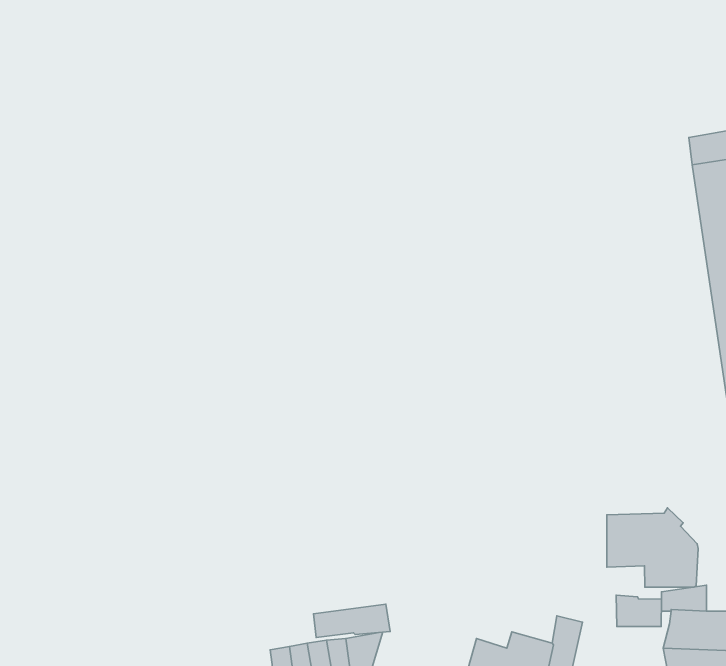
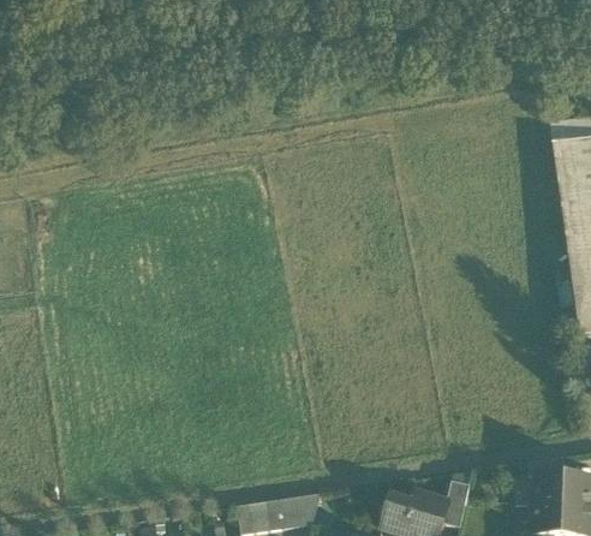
building: [607,508,698,587] -> none
building: [616,595,661,627] -> none
building: [313,604,390,637] -> none

